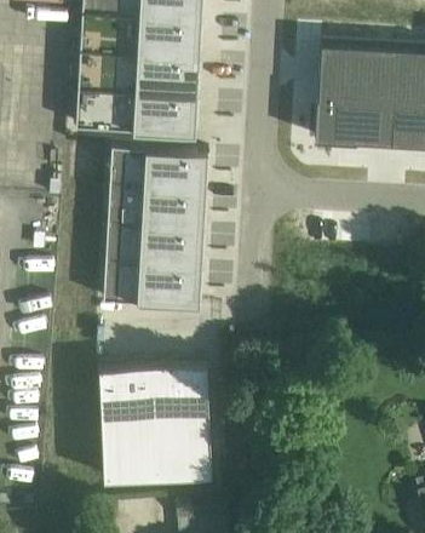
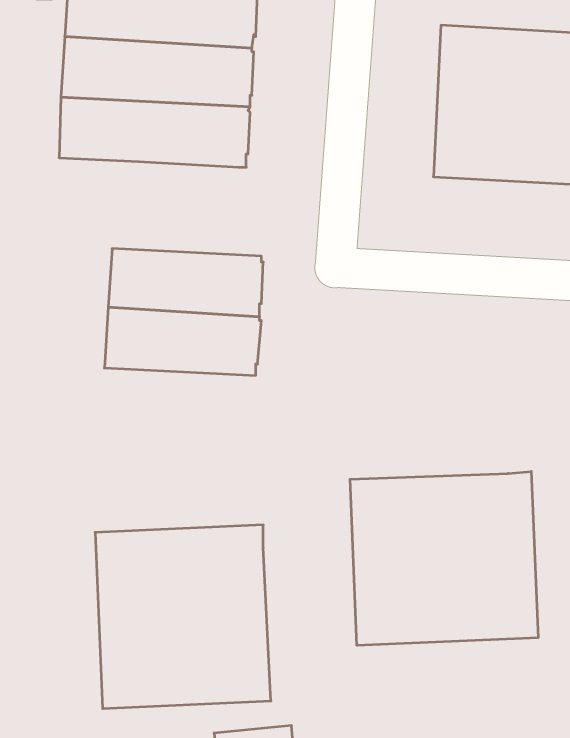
building: [109,148,208,193] -> none
building: [102,264,202,308] -> none
building: none -> [350,471,538,645]

